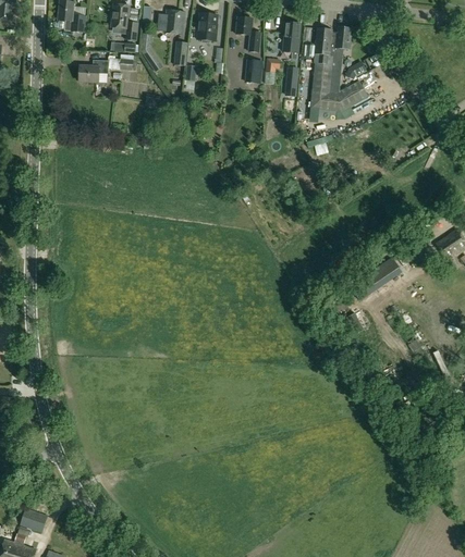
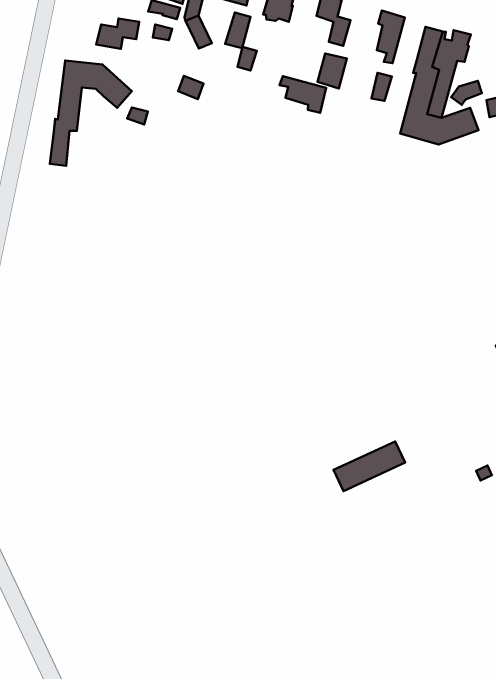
building: none -> [280,76,326,113]
building: none -> [50,61,132,166]
building: [350,258,401,300] -> [334,441,405,491]

